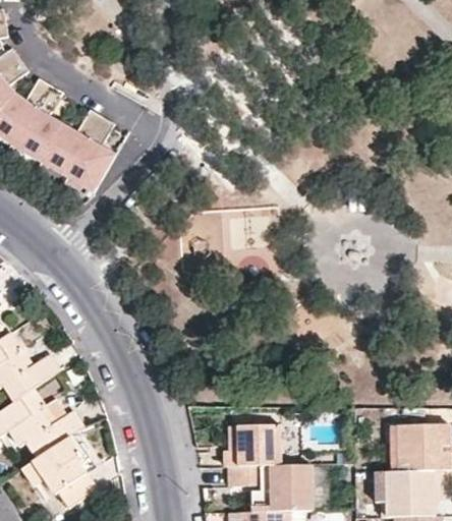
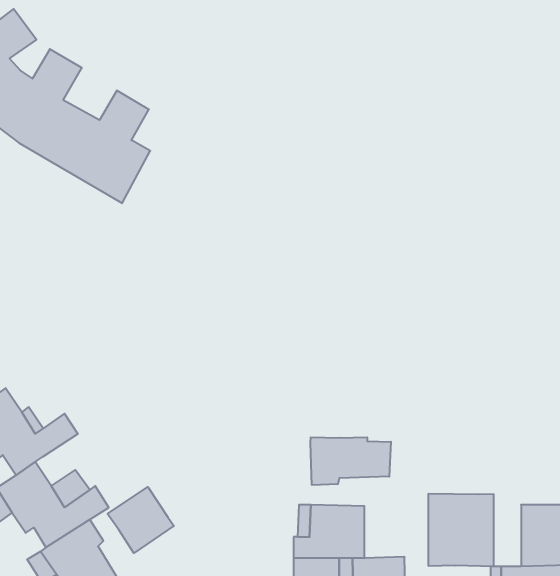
building: none -> [310,437,391,485]
building: none -> [108,487,174,553]
building: none -> [429,494,493,566]

